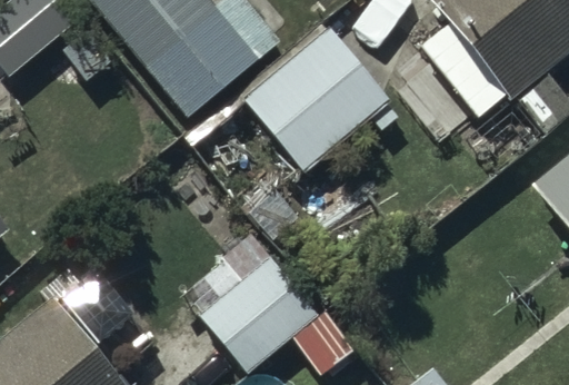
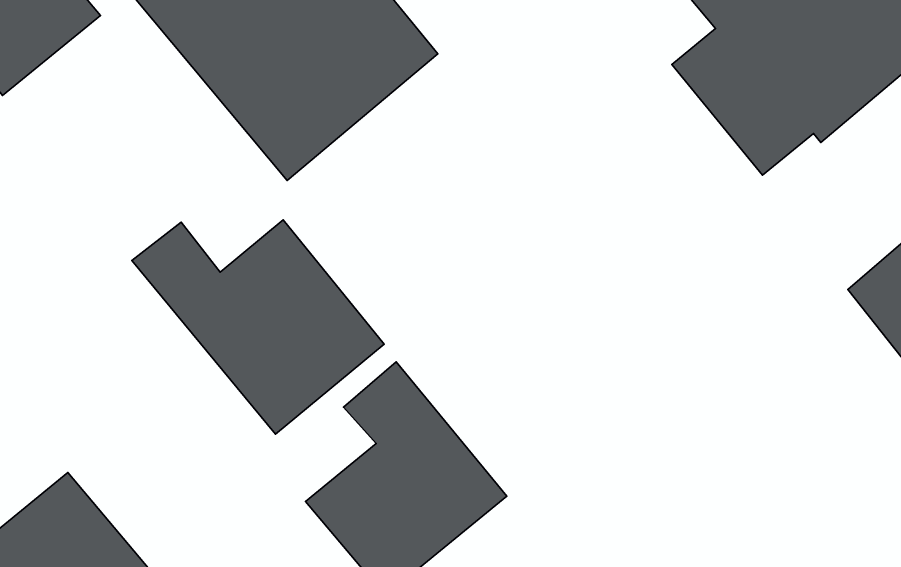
building: [246,28,393,172] -> none
building: none -> [132,220,384,434]

